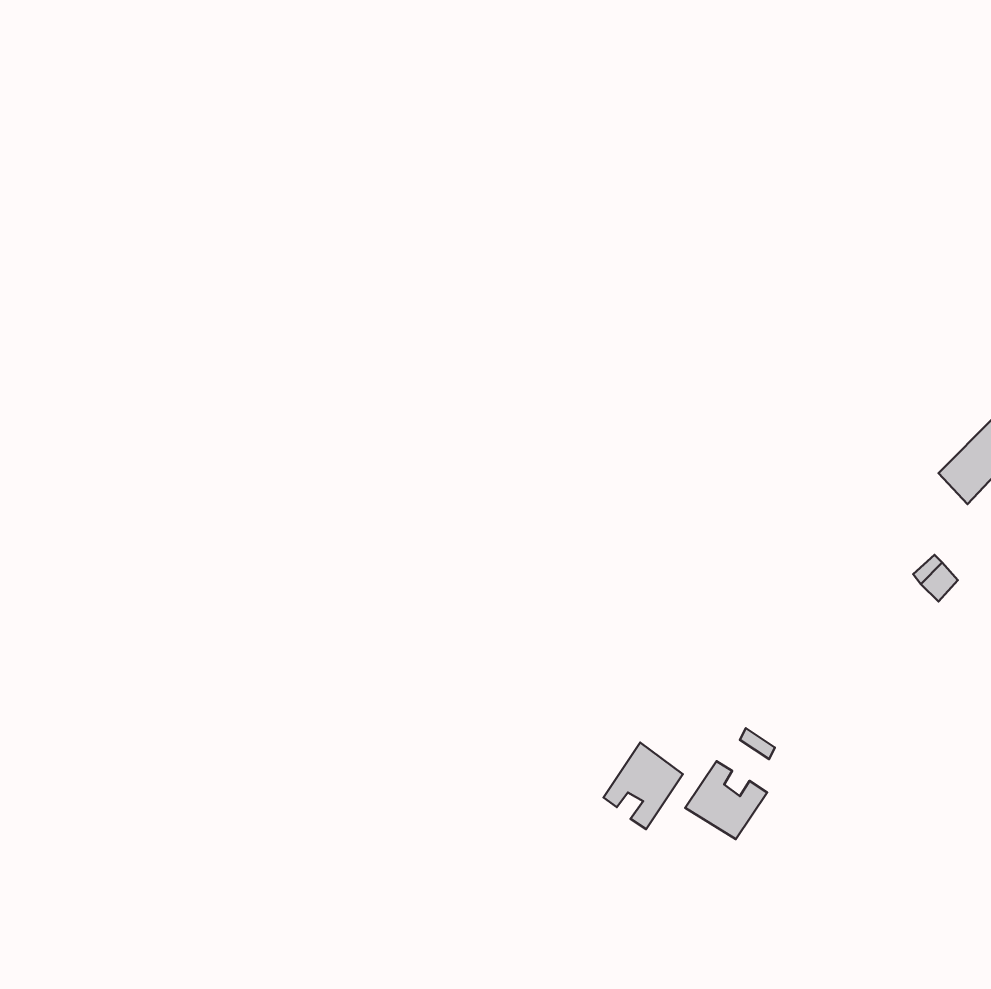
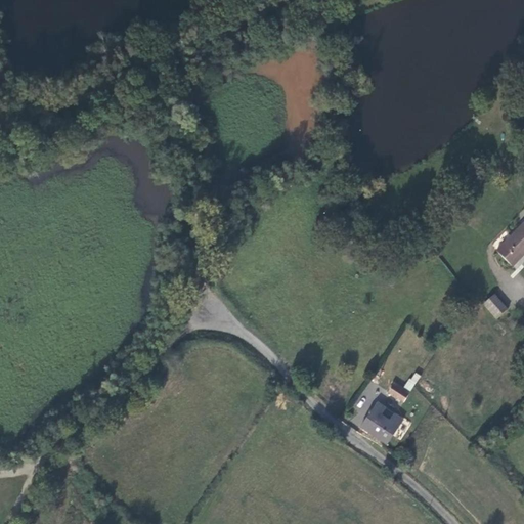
building: [603,743,683,829] -> none

